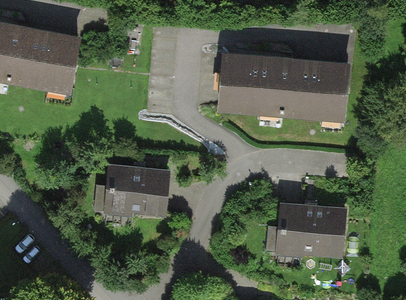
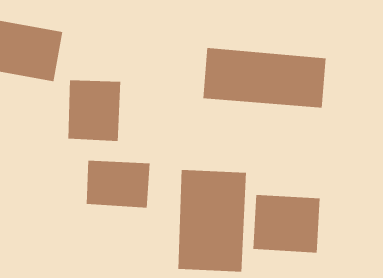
building: none -> [68,80,121,142]
building: none -> [178,169,247,273]

